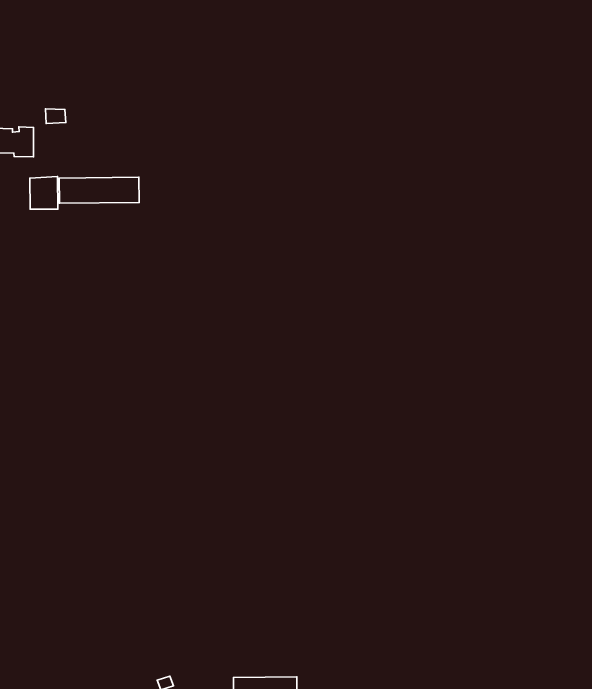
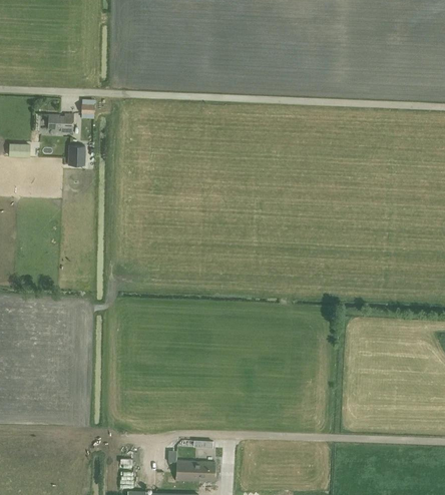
building: [59,177,139,203] -> none

